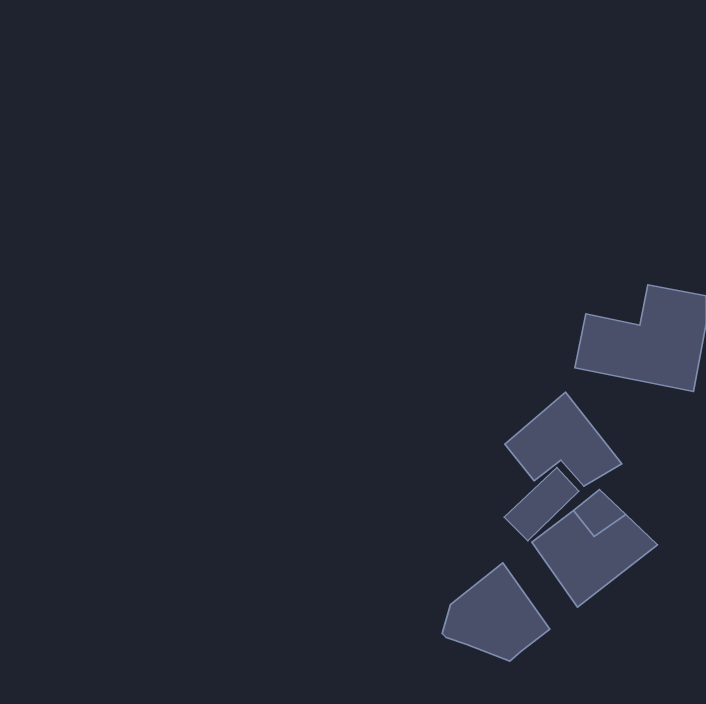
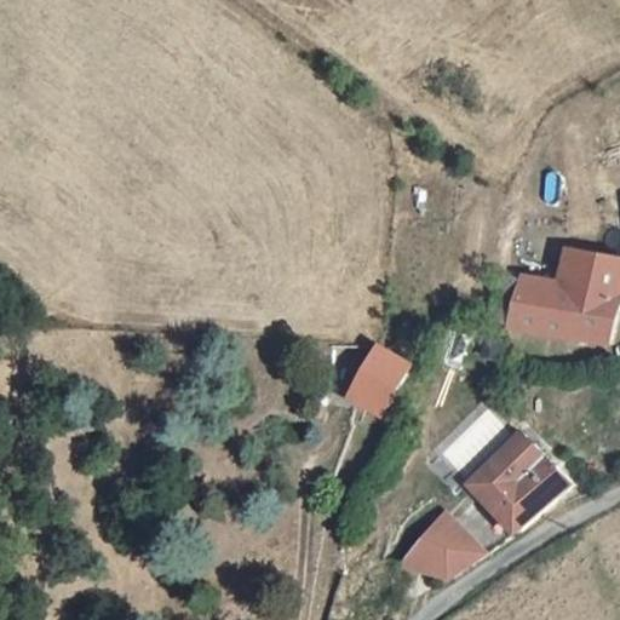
building: [505,392,622,486] -> none
building: none -> [351,346,396,408]

